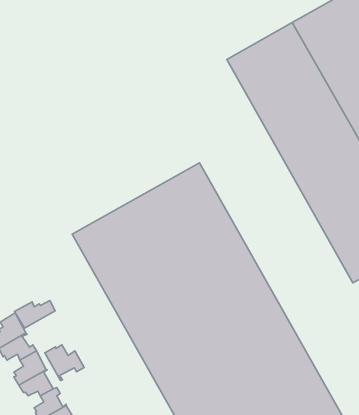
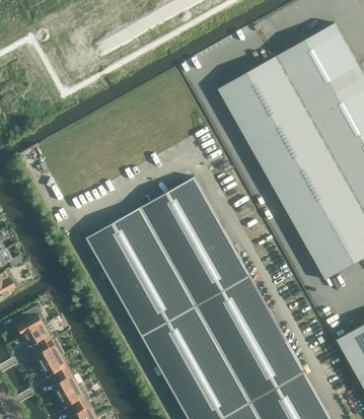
building: [14,300,55,328] -> none
building: [45,345,84,381] -> none

